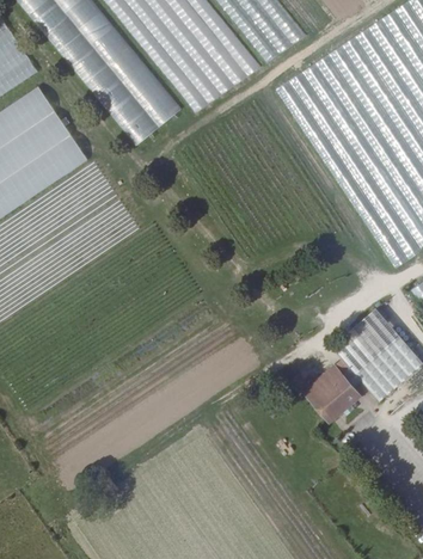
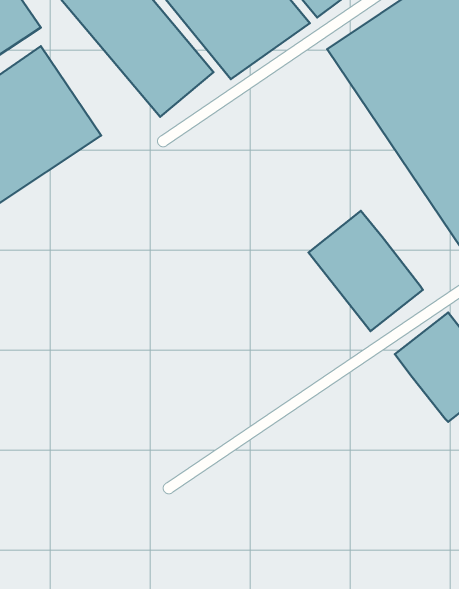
building: none -> [308,211,423,331]
building: [305,360,375,419] -> none

